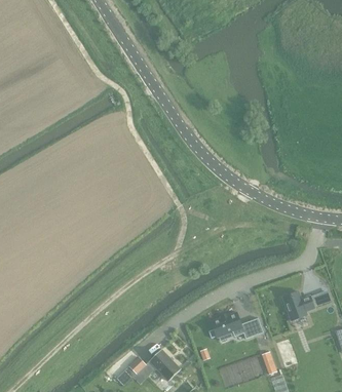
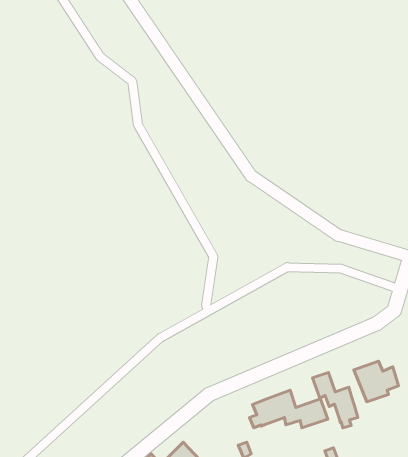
building: none -> [313,373,358,428]

